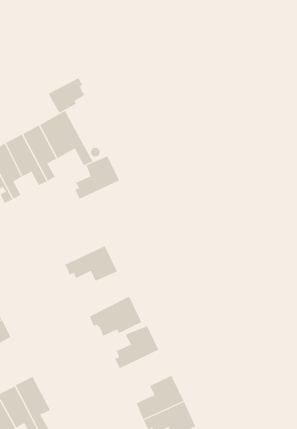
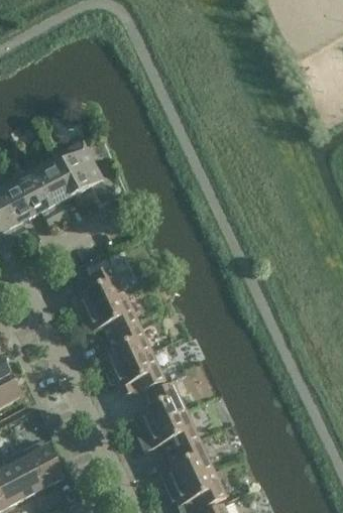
building: [48,77,85,114] -> none
building: [75,155,120,200] -> [76,265,126,314]
building: none -> [102,323,153,373]
building: none -> [142,410,201,451]

